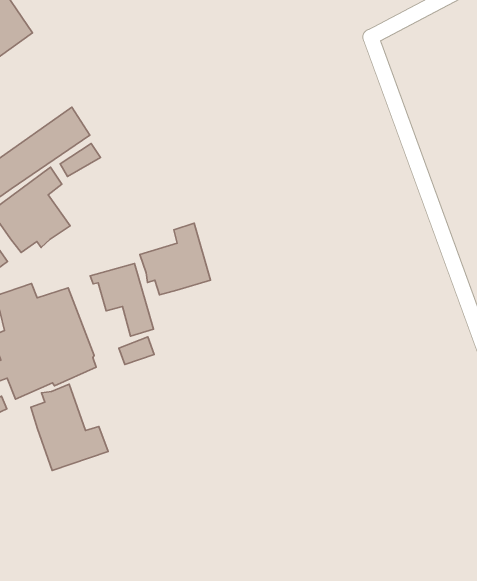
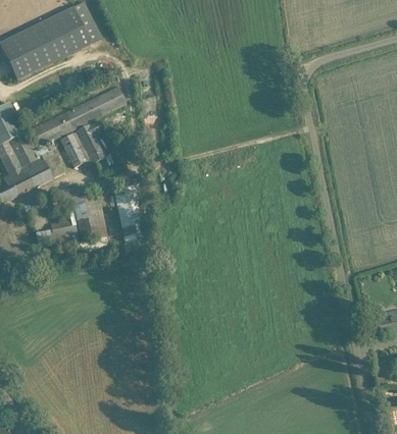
building: [140,223,211,295] -> none
building: [31,384,108,471] -> none

